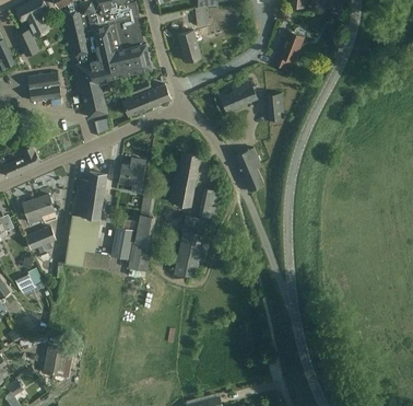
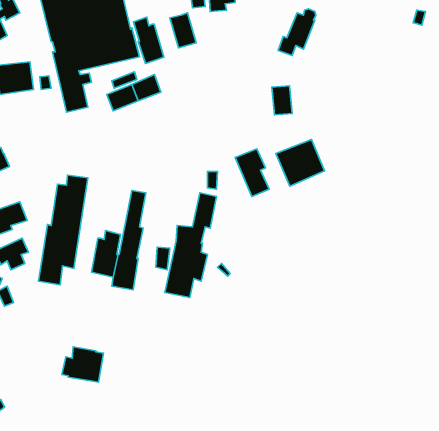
building: none -> [134,17,164,64]
building: [220,79,257,112] -> none
building: none -> [276,139,324,186]
building: [168,152,199,206] -> none
building: [118,159,143,194] -> none
building: [36,347,72,378] -> [62,347,104,382]

